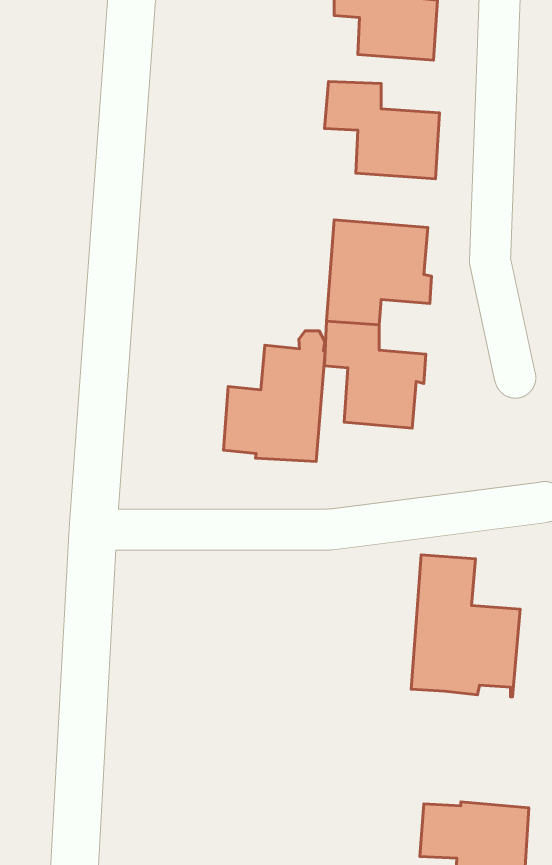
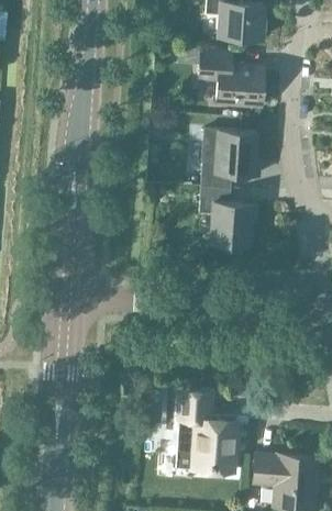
building: [224,331,325,462] -> none
building: [411,555,520,697] -> [175,391,236,471]

